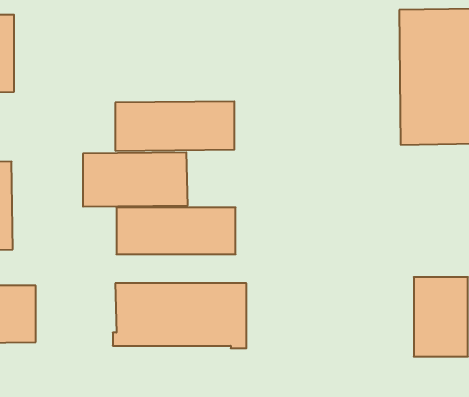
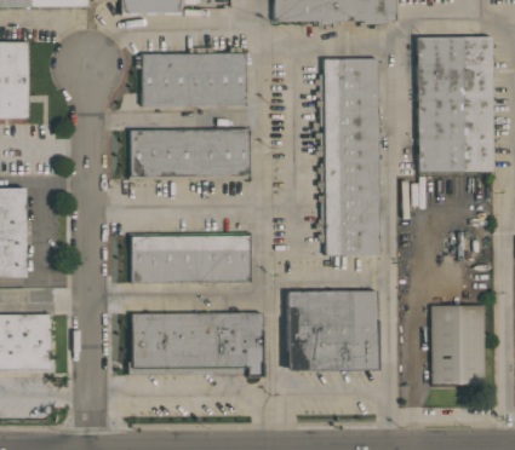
building: none -> [324,57,379,254]
building: [83,152,188,207] -> [142,52,247,106]
building: none -> [287,289,378,369]

